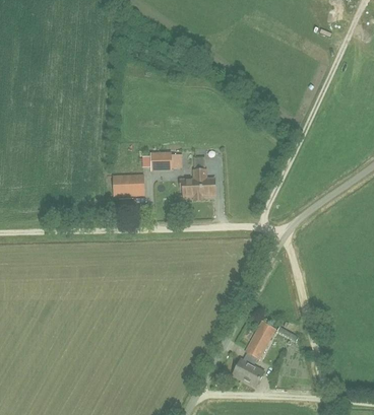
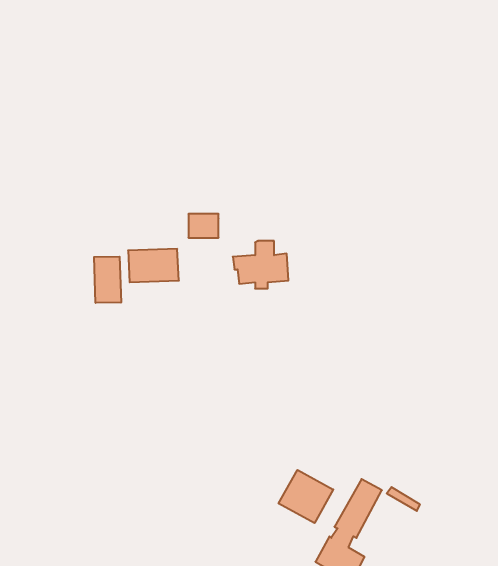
building: none -> [94,257,121,303]
building: none -> [279,470,333,523]

